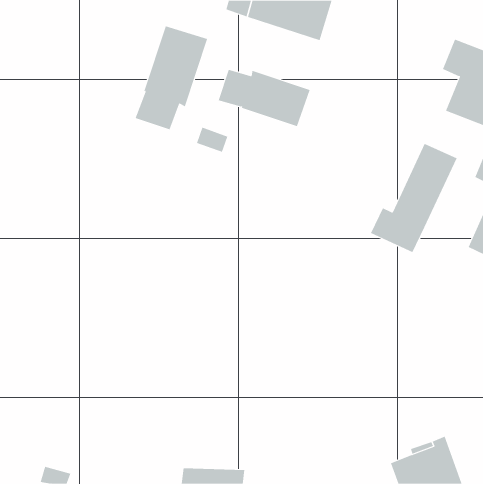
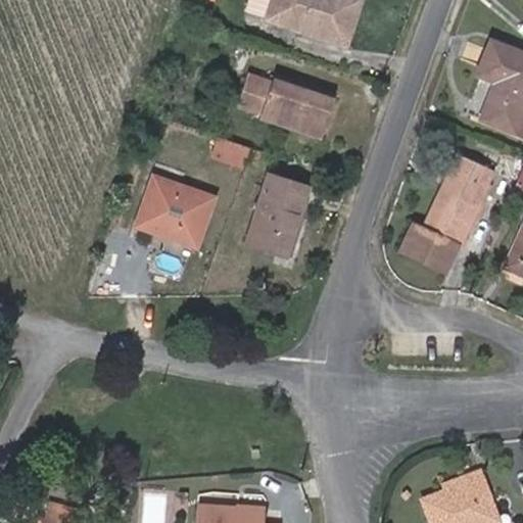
building: [135,26,208,130] -> none
building: none -> [247,176,307,255]
building: none -> [137,179,212,246]

